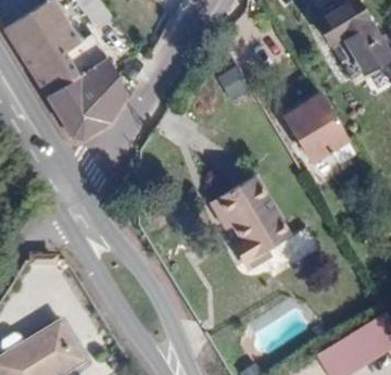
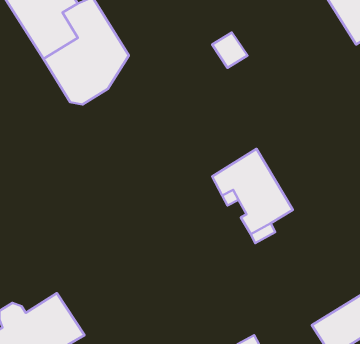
building: [287,93,350,160] -> none

